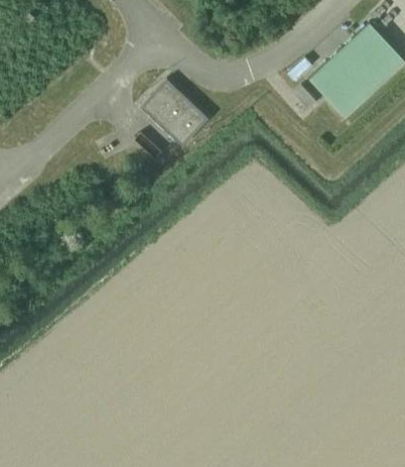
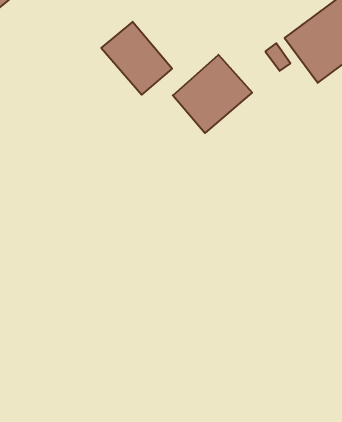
building: none -> [173,55,252,133]

